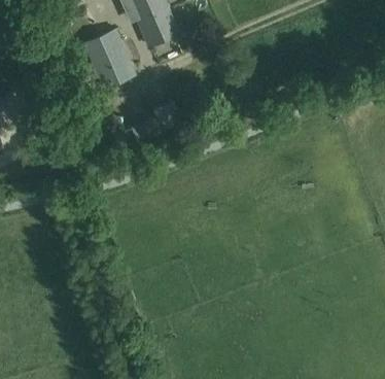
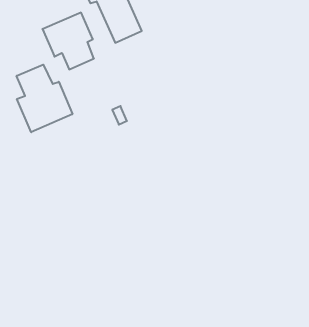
building: none -> [17,65,72,132]

